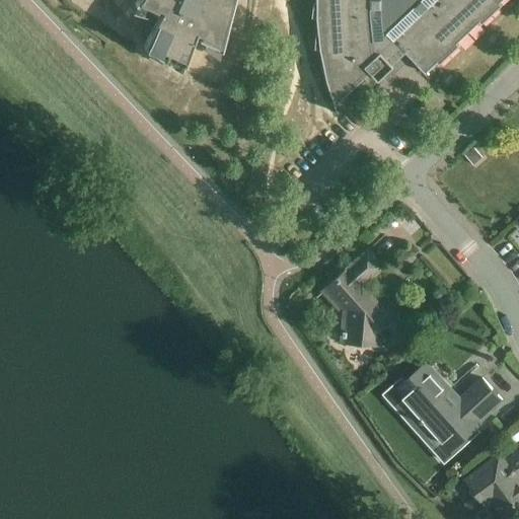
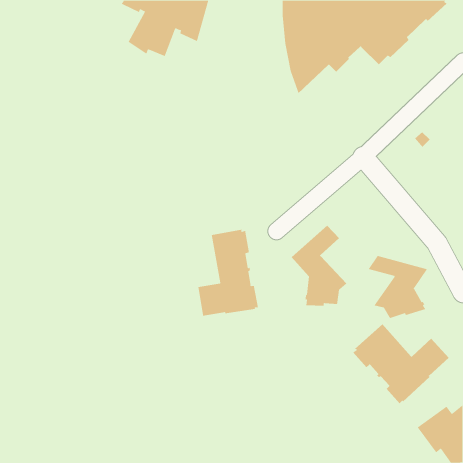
building: none -> [198,229,258,317]
building: none -> [368,255,428,319]

